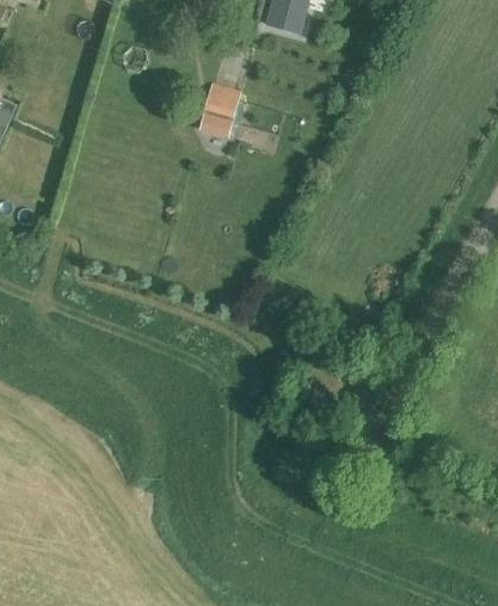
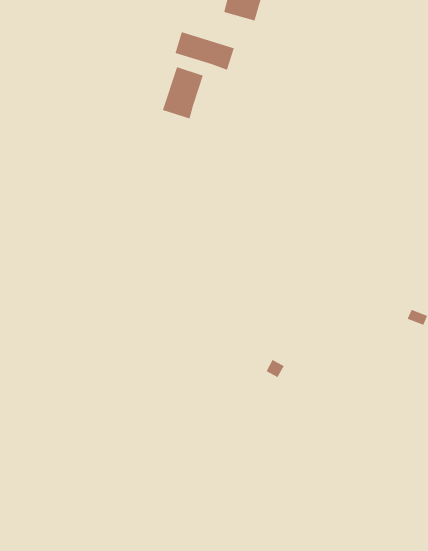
building: none -> [174,31,235,71]

